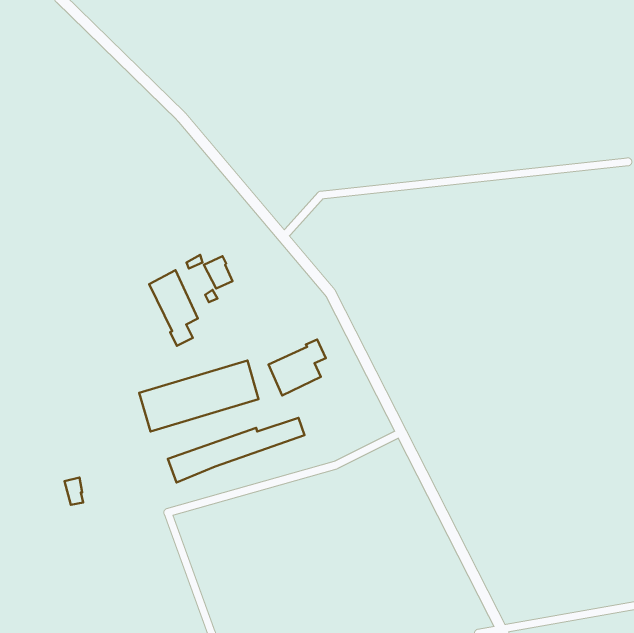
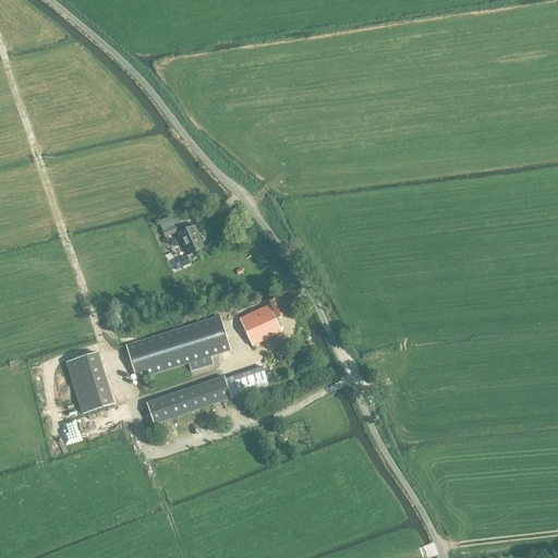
building: [149,270,198,346] -> none
building: none -> [66,351,113,411]

